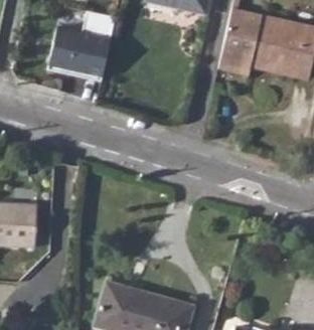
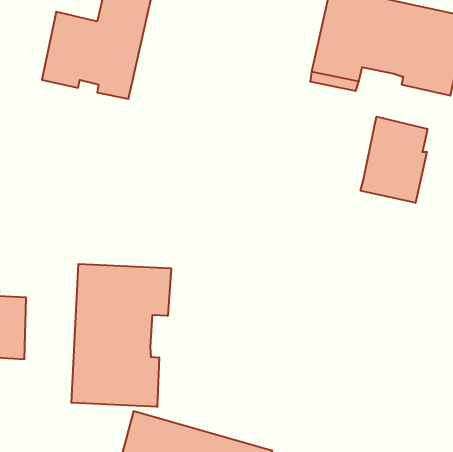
building: none -> [361,117,427,203]
building: none -> [71,264,171,407]

